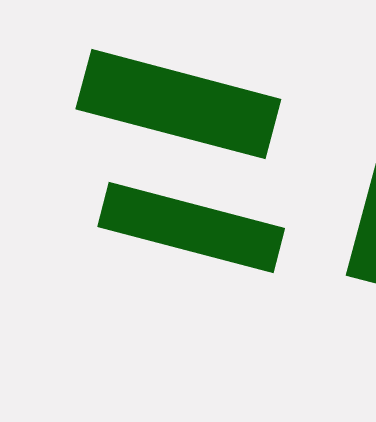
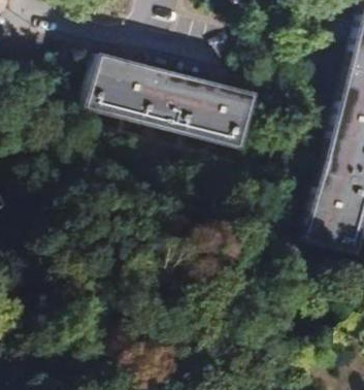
building: [96,181,286,274] -> none

